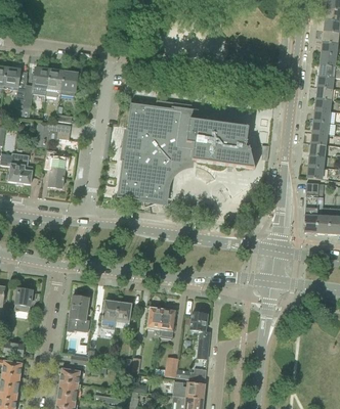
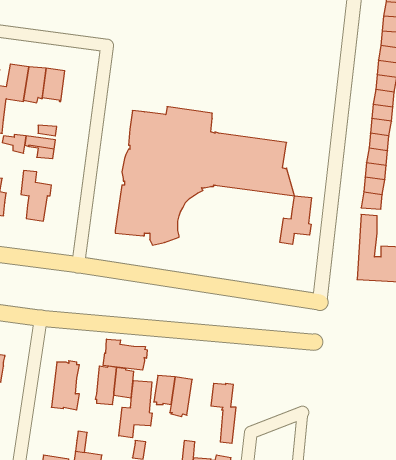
building: none -> [280,196,311,244]
building: none -> [103,339,147,370]
building: none -> [119,381,152,438]

